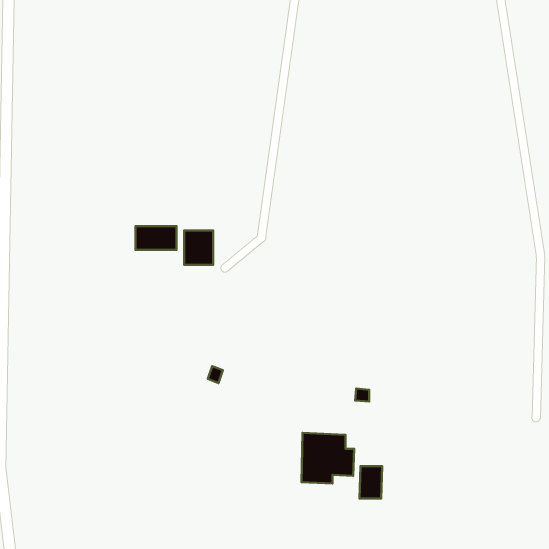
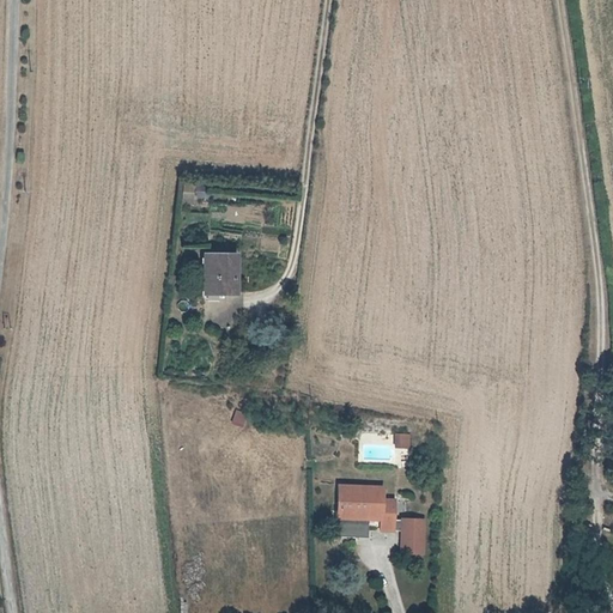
building: [136,226,177,250] -> none

